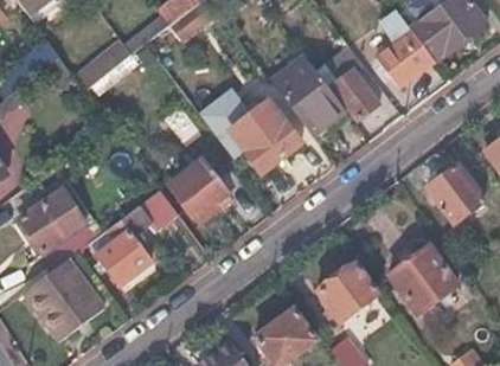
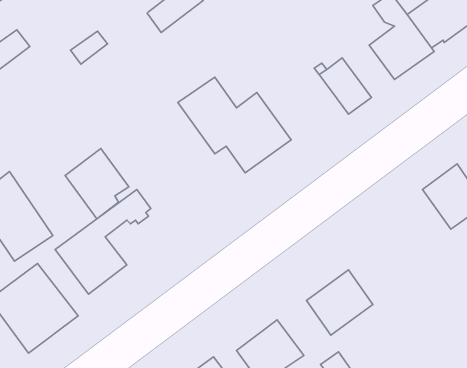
building: [269,54,344,134] -> none
building: [169,156,229,221] -> [65,149,129,219]
building: [390,246,456,314] -> none

